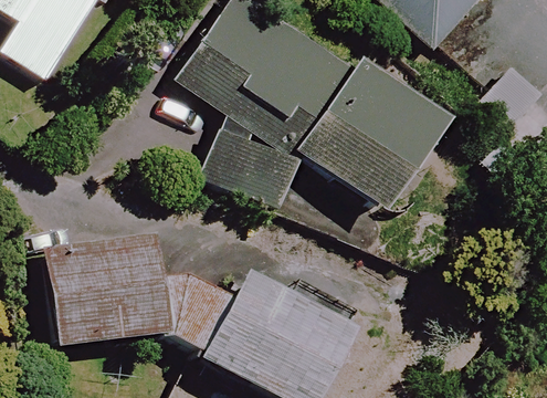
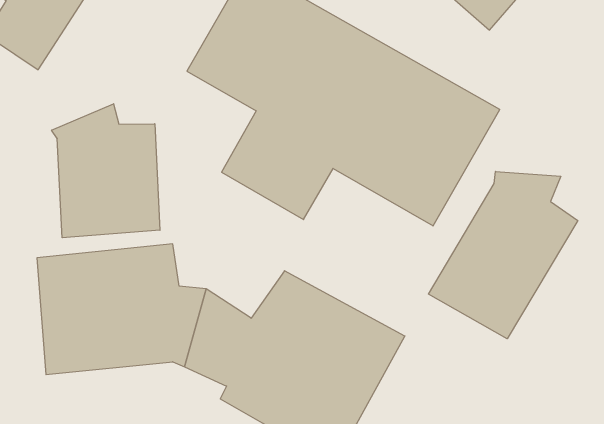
building: none -> [52,104,160,238]
building: none -> [428,171,578,339]

